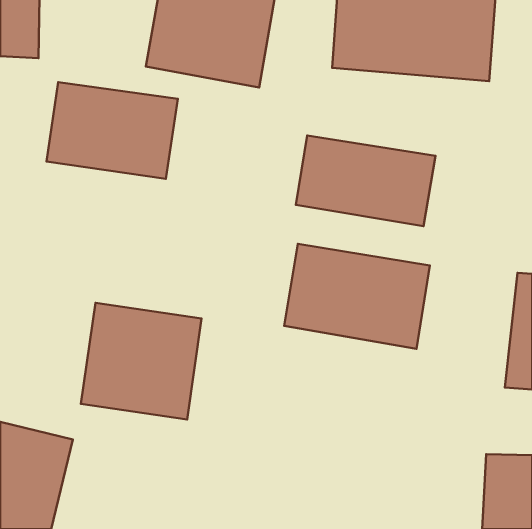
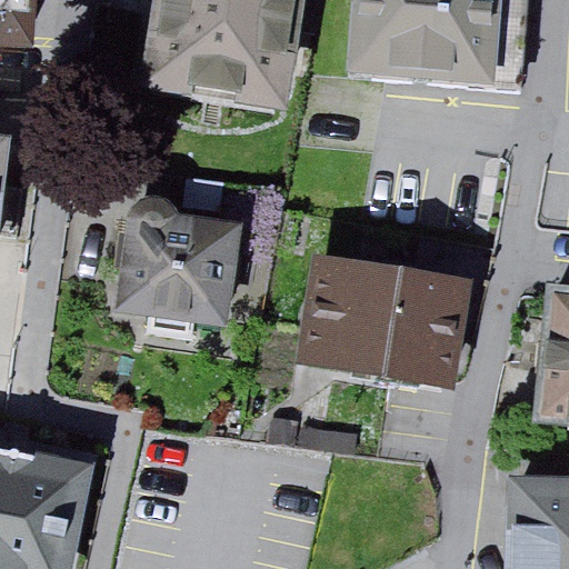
building: [46,82,178,179] -> none
building: [296,136,435,226] -> none
building: [81,303,202,419] -> [116,204,244,329]

